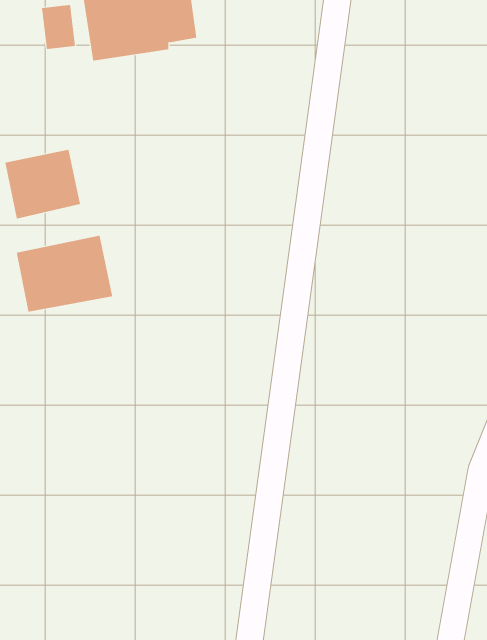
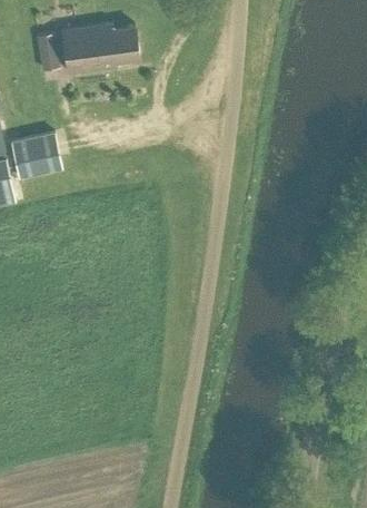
building: [16,235,113,312] -> none

